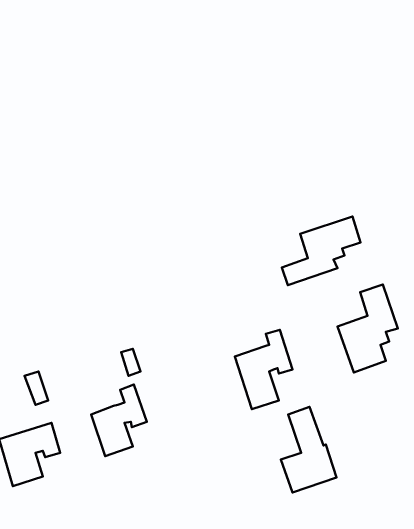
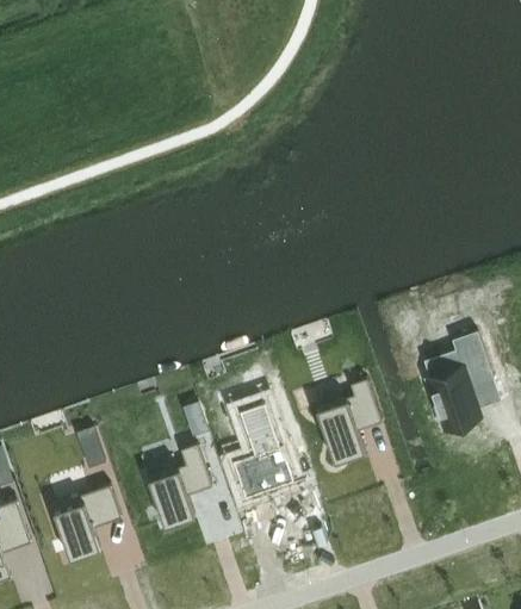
building: [282,216,360,285] -> none
building: [281,407,336,493] -> [235,410,297,505]

